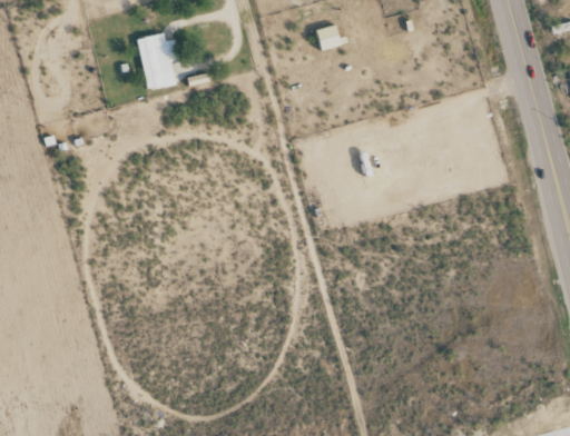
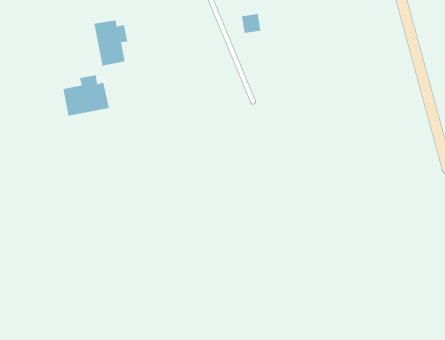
building: none -> [63,75,109,116]

